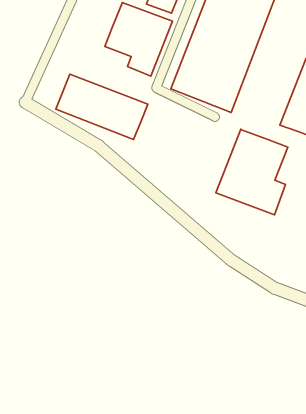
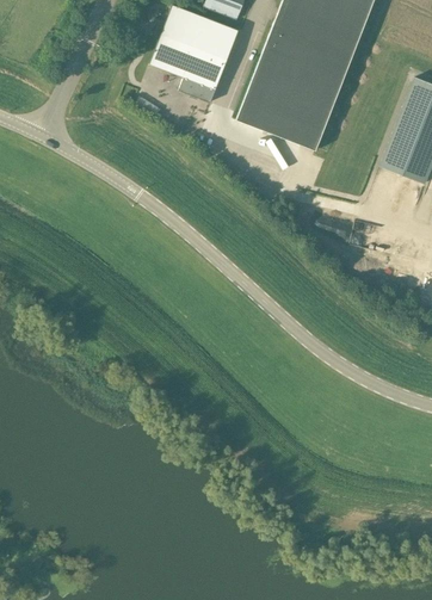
building: [56,74,148,140] -> none
building: [216,129,288,215] -> none

